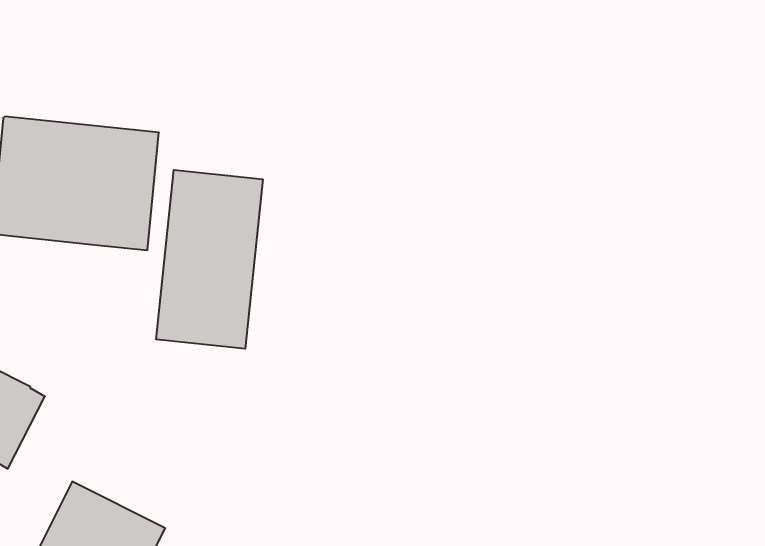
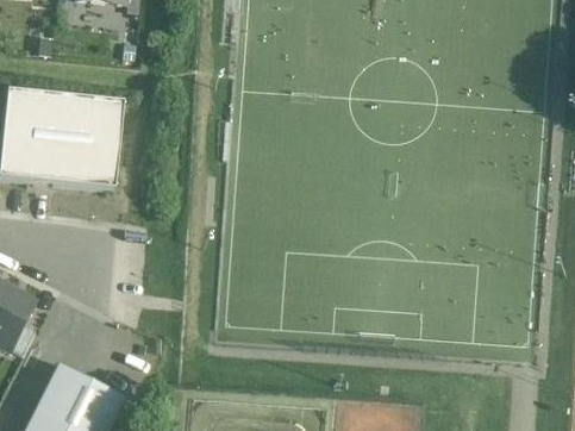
building: [156,170,263,349] -> none

